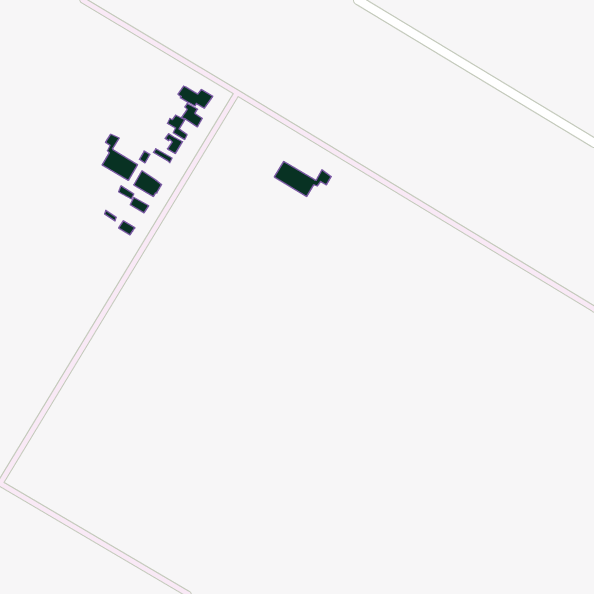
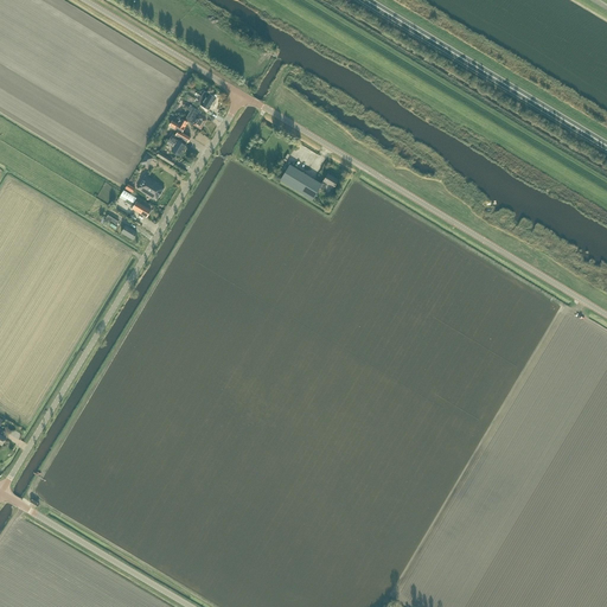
building: [102,134,137,180] -> none

